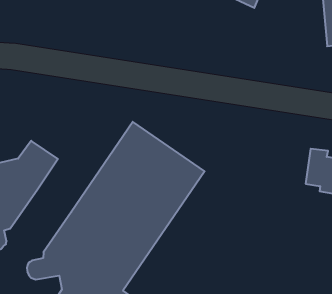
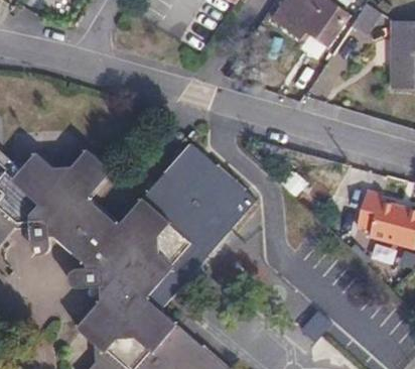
building: none -> [56,198,119,261]

